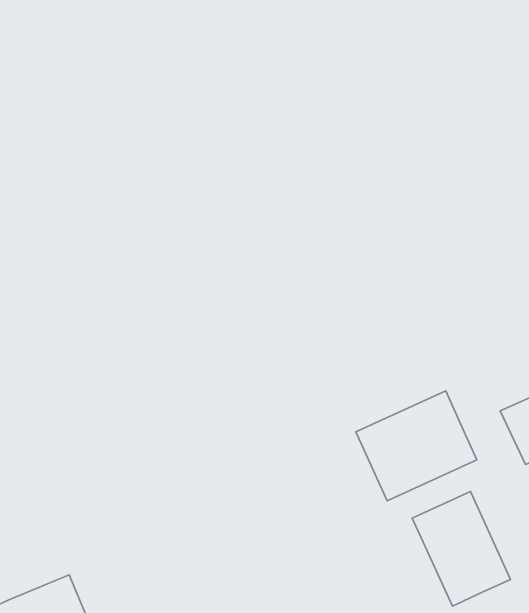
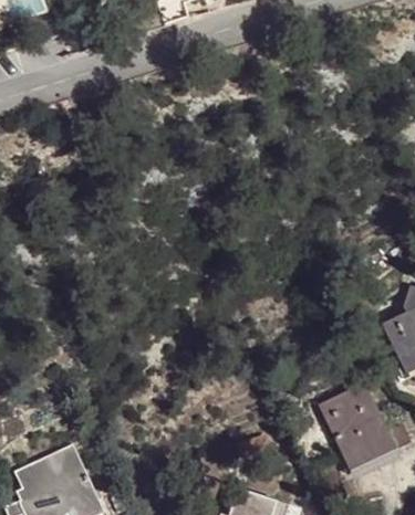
building: [356,391,477,501] -> none

